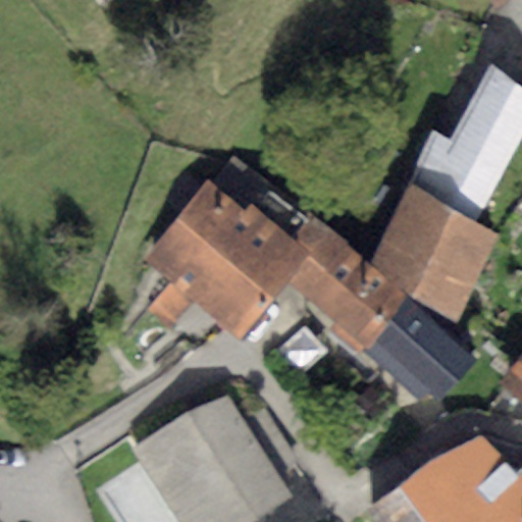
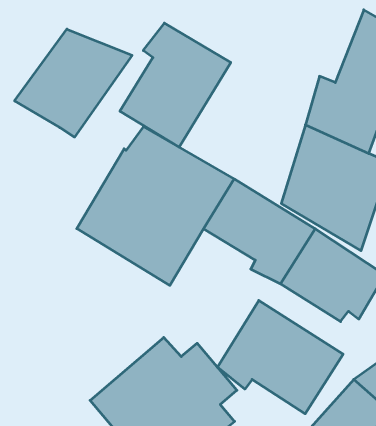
building: none -> [15,29,132,137]
building: none -> [120,23,231,147]
building: none -> [217,300,343,414]

